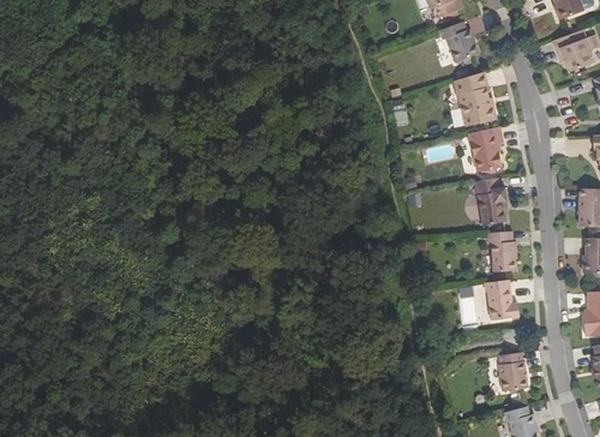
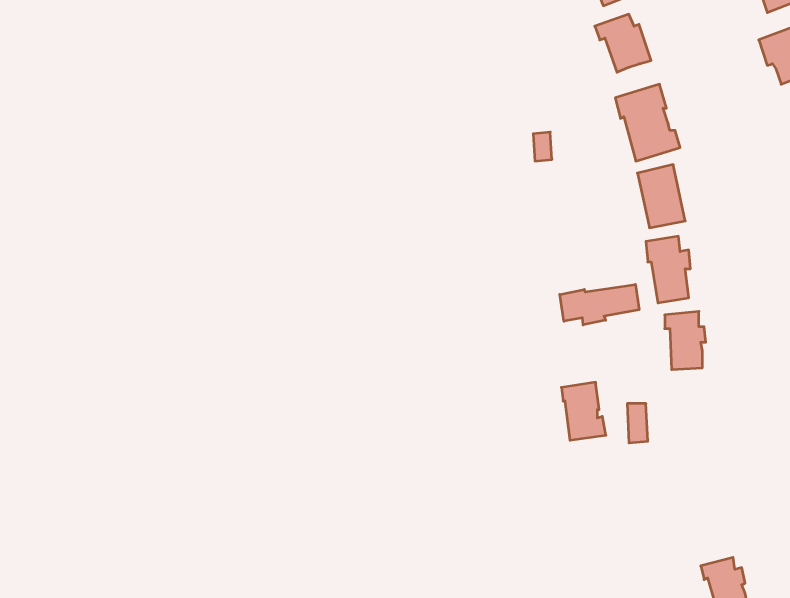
building: none -> [560,284,639,325]
building: [486,279,517,319] -> [561,382,606,440]
building: [498,352,528,391] -> none

